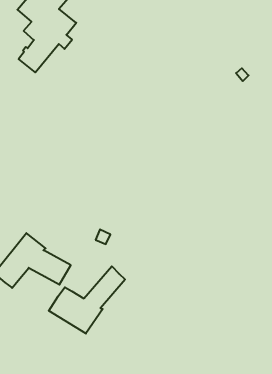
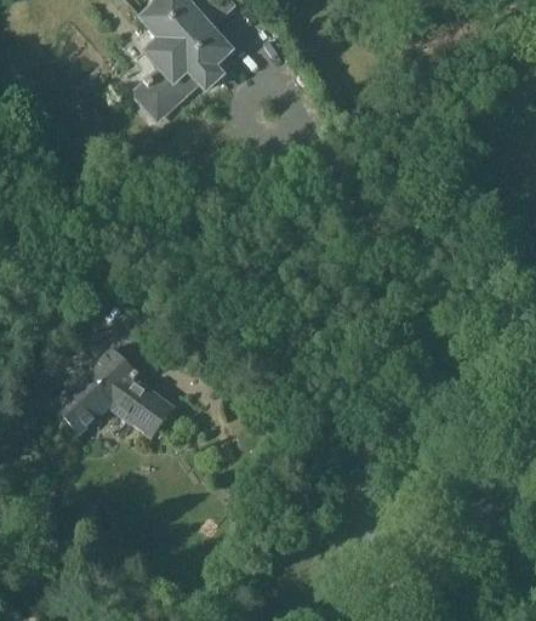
building: [49,266,125,334] -> none

